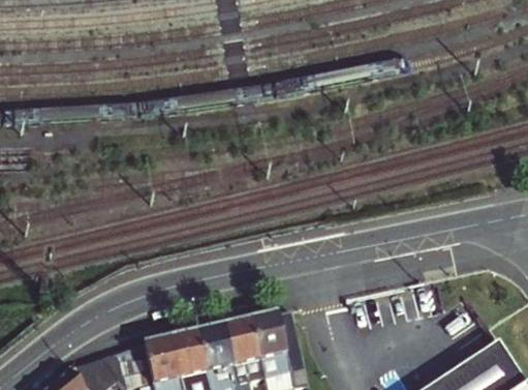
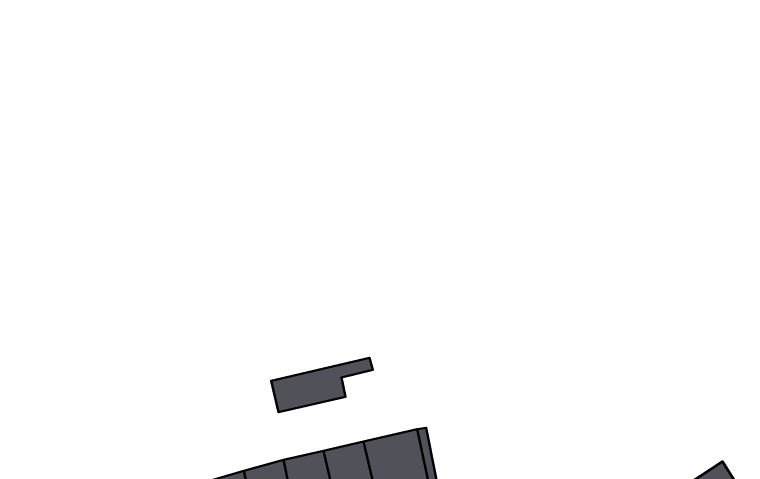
building: none -> [271,358,373,412]

